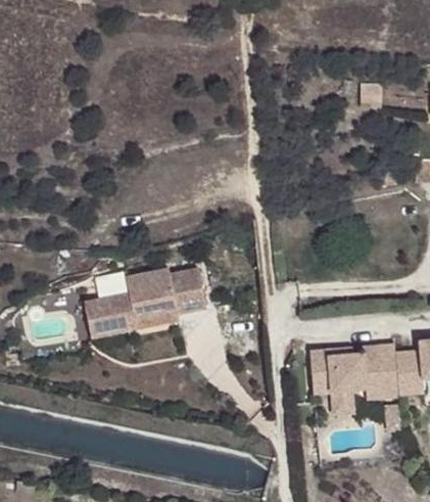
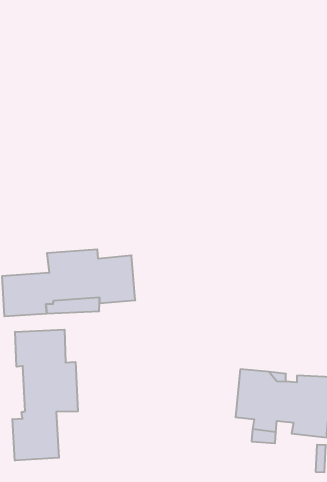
building: none -> [12,330,78,461]

